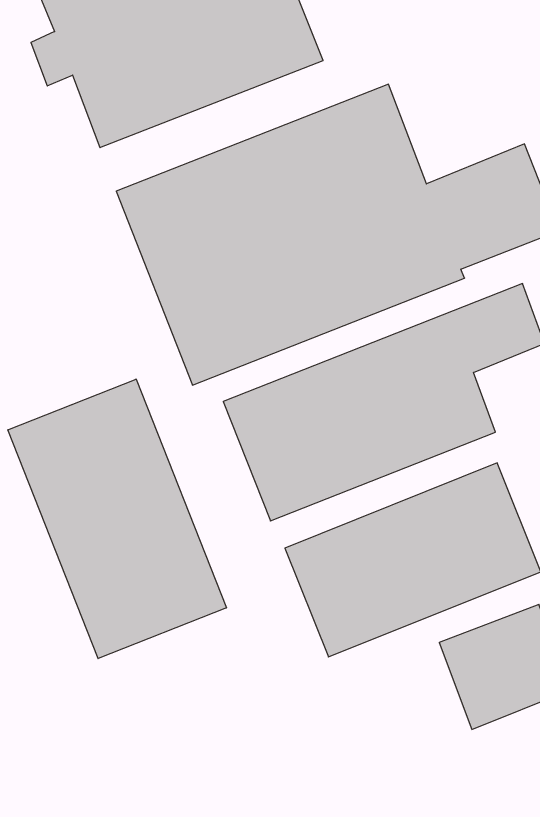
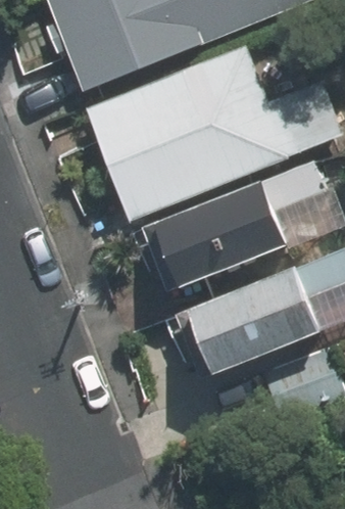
building: [8,379,226,659] -> none

